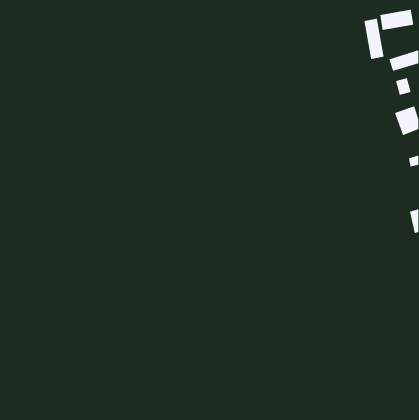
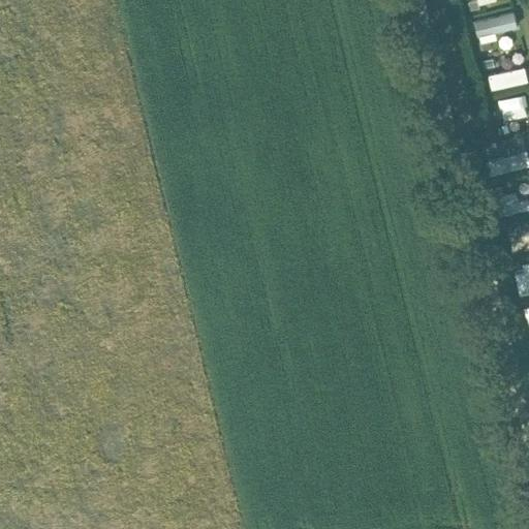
building: [364,18,384,60] -> none

